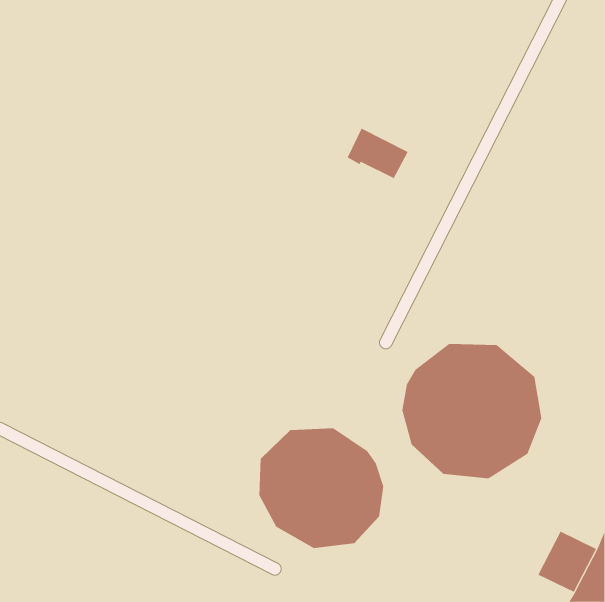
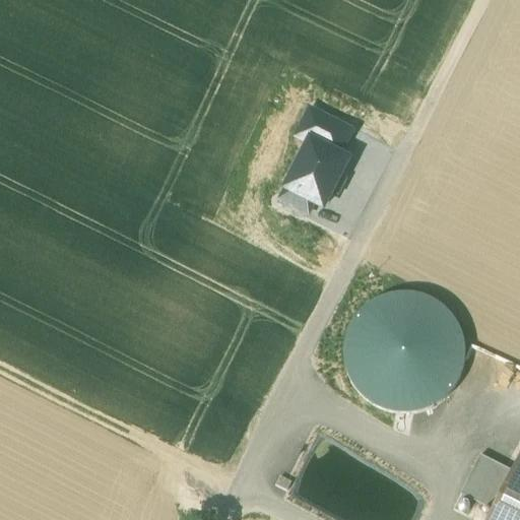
building: none -> [280,139,347,212]
building: [259,428,384,549] -> none

